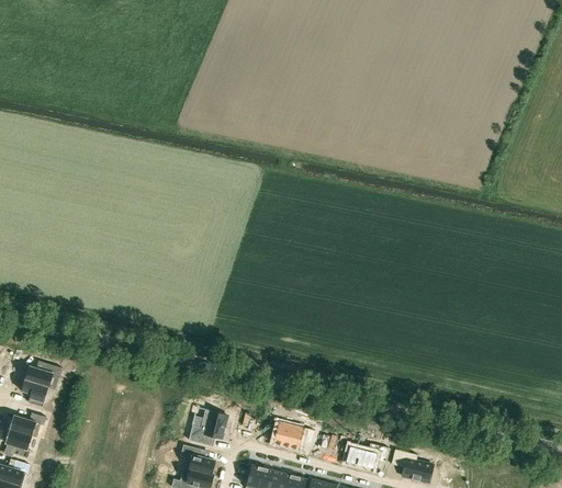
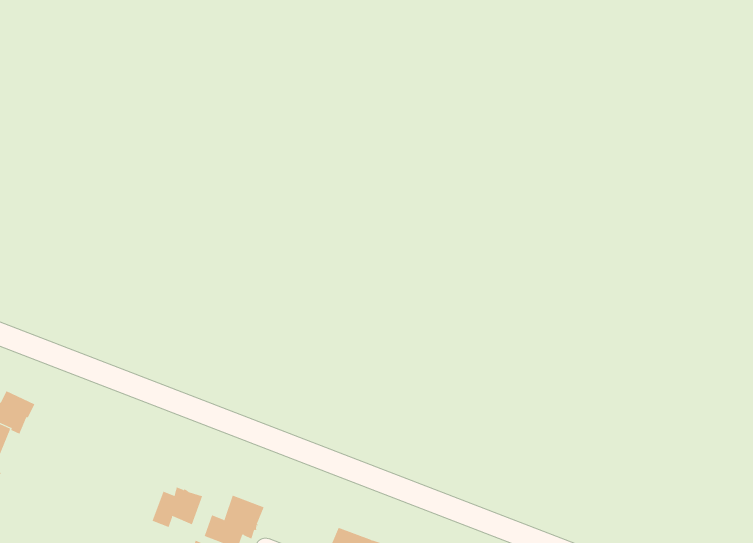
building: none -> [152,486,203,528]

